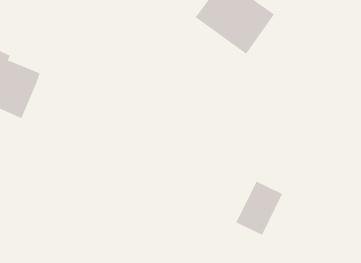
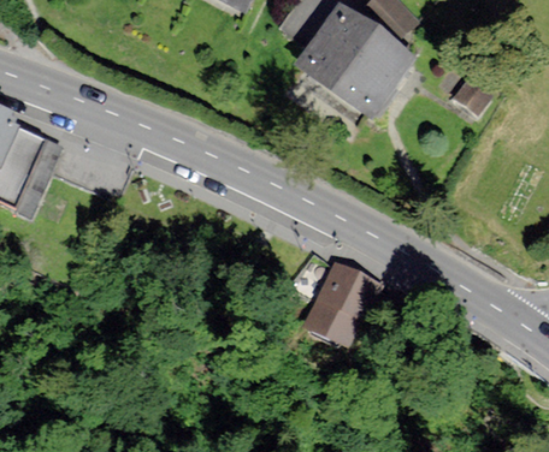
building: [236,181,283,235] -> [307,261,377,341]

